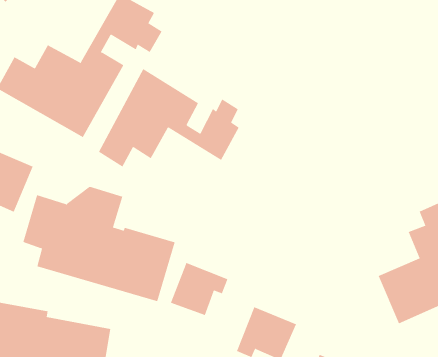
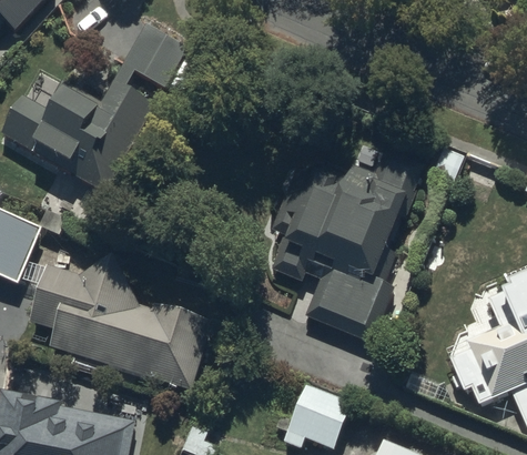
building: [98,68,240,167] -> none
building: none -> [271,155,424,348]
building: [170,262,228,316] -> none

